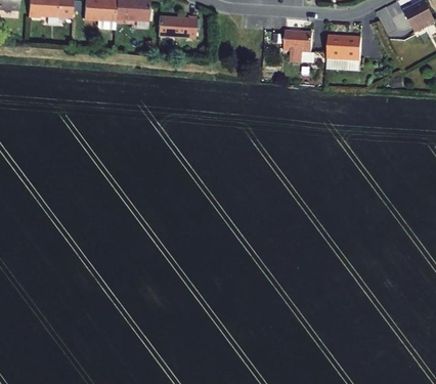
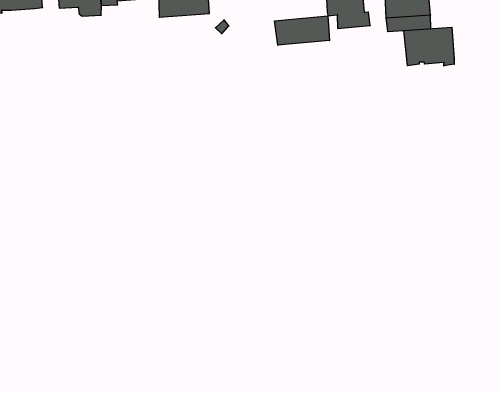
building: none -> [275,16,329,45]
building: none -> [404,27,454,66]

